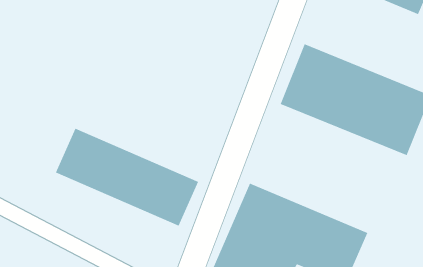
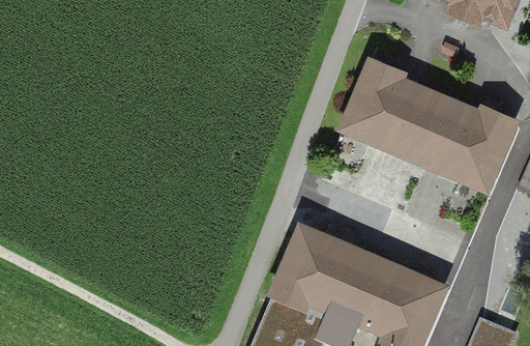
building: [55,128,199,226] -> none

